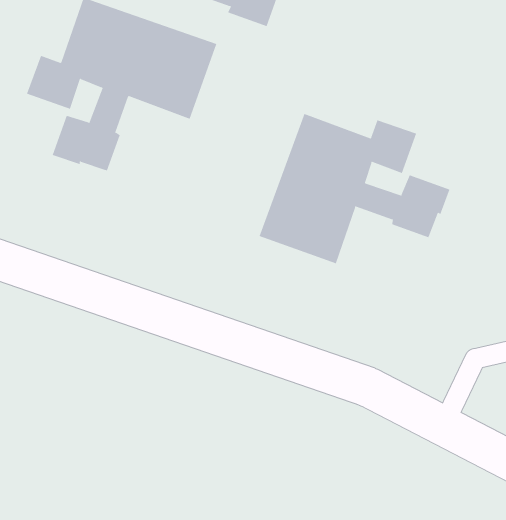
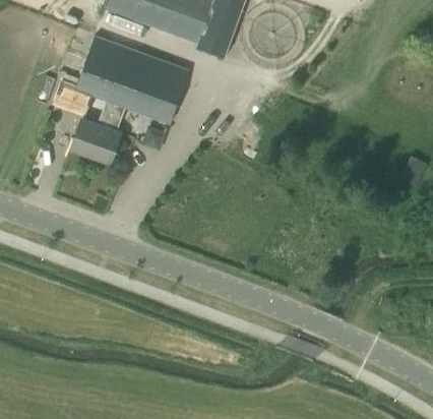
building: [259,113,450,264] -> none

